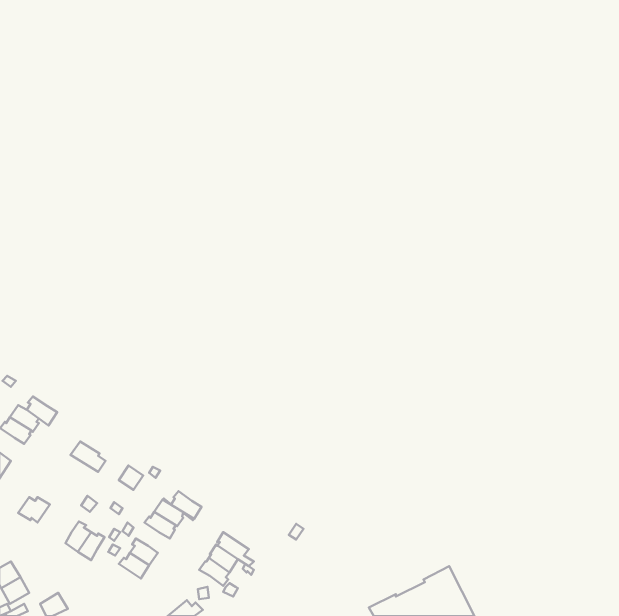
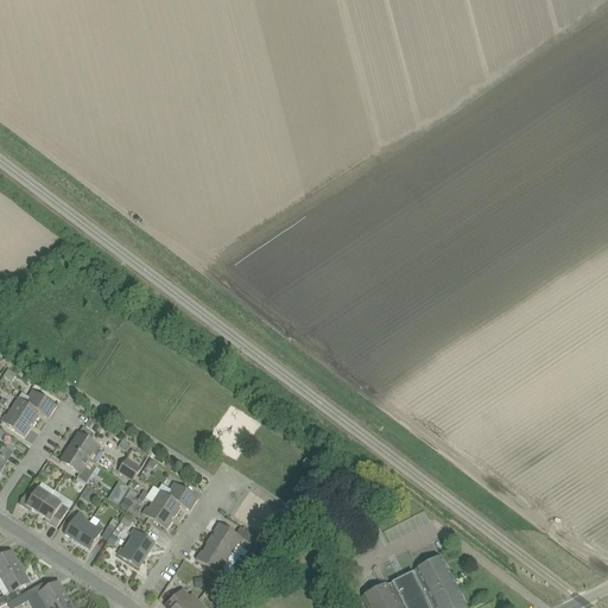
building: none -> [59,445,97,482]
building: none -> [37,488,68,526]

